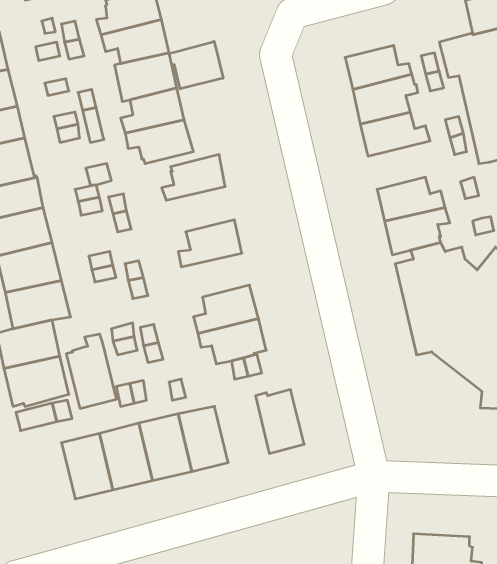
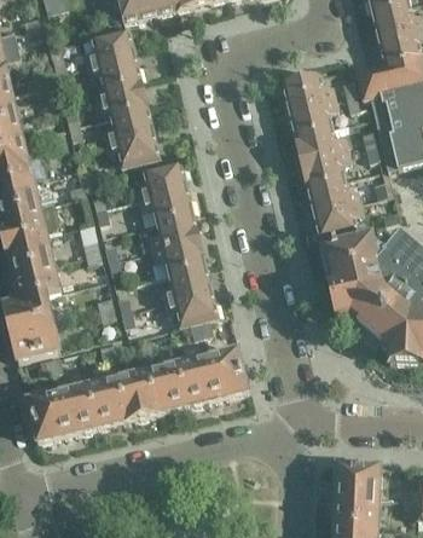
building: [169,41,223,89] -> none
building: none -> [300,149,352,187]
building: none -> [139,185,193,221]
building: none -> [151,238,205,276]
building: [66,334,116,408] -> [27,382,66,441]
building: none -> [178,352,221,405]

